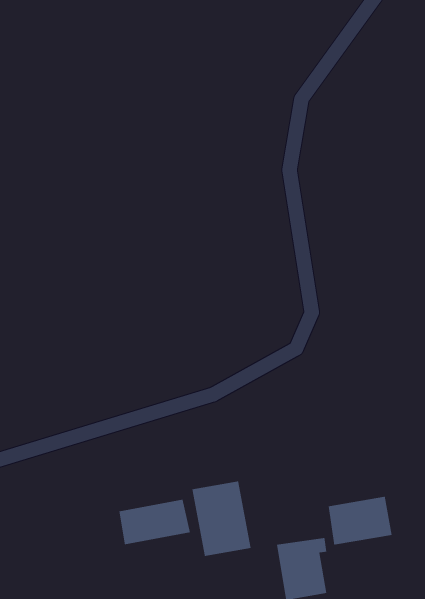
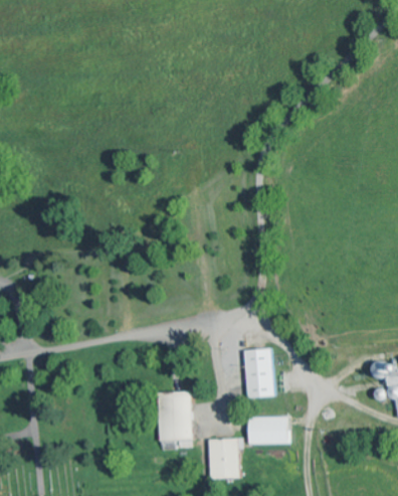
building: none -> [244,348,274,398]
building: [119,499,190,545] -> none

